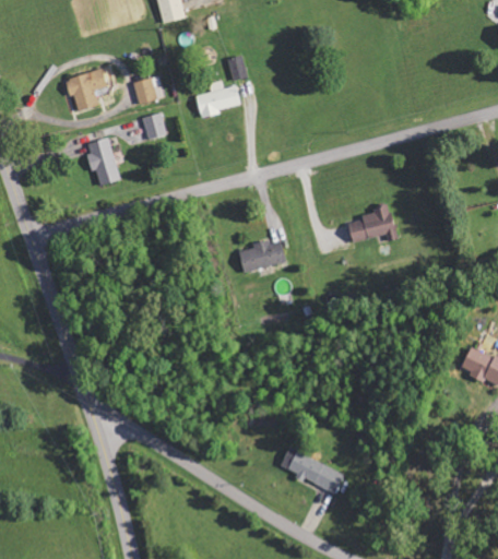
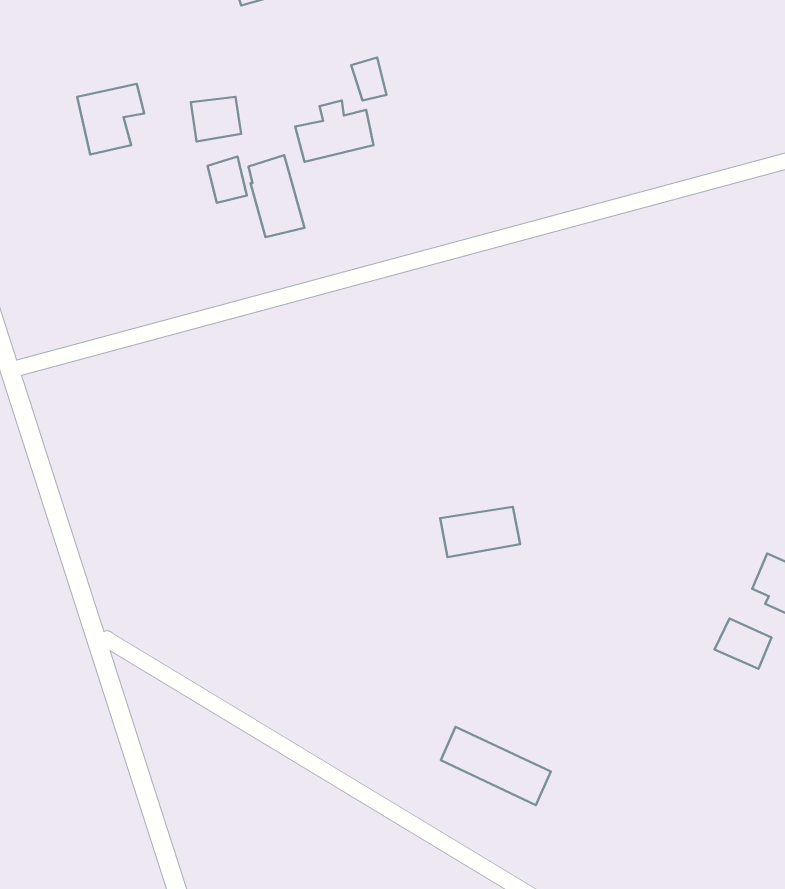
building: [88,138,121,186] -> [249,155,305,237]
building: [347,210,396,242] -> none
building: [239,241,286,271] -> [440,507,520,557]
building: none -> [715,619,772,669]

